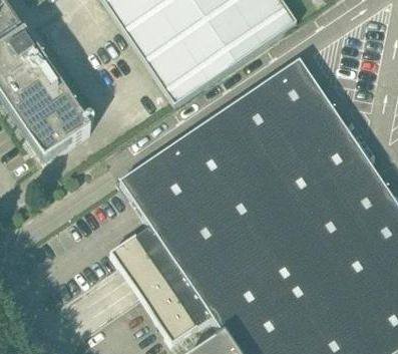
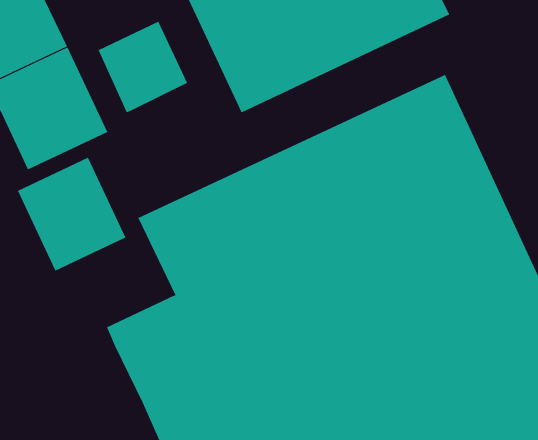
building: none -> [98,21,188,113]
building: none -> [17,157,126,271]

